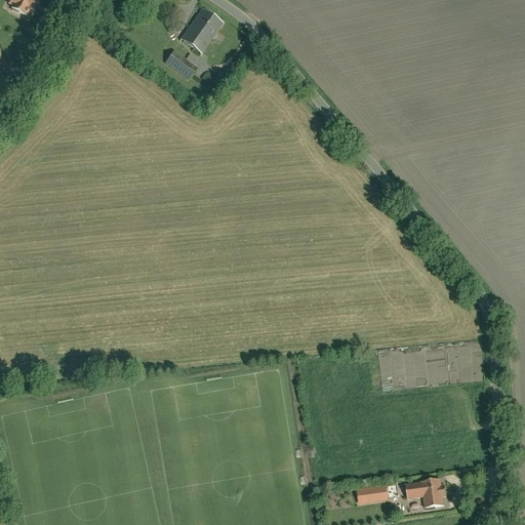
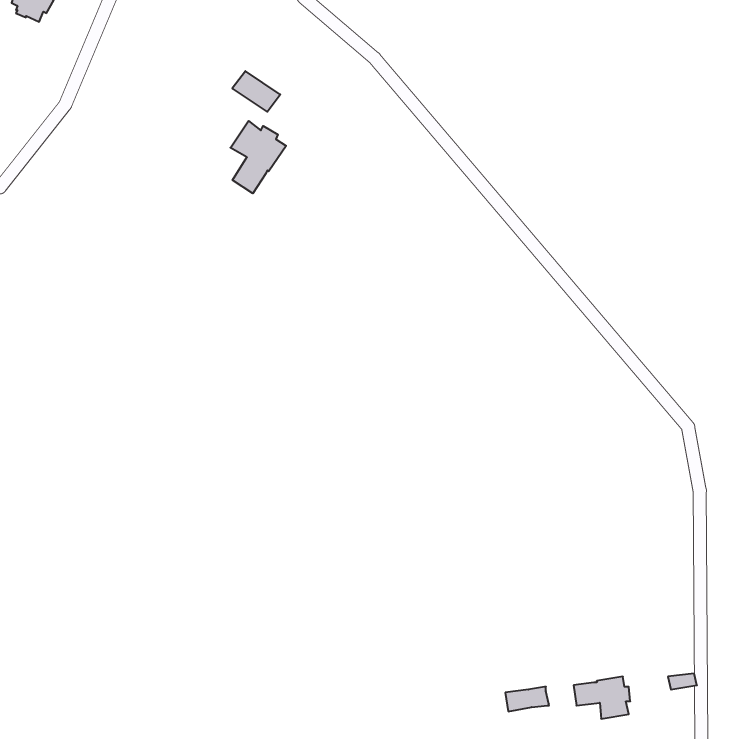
building: [180,8,223,52] -> none
building: none -> [230,121,286,193]

